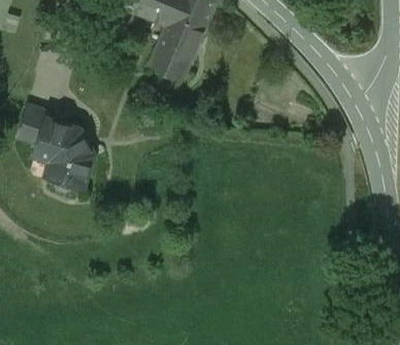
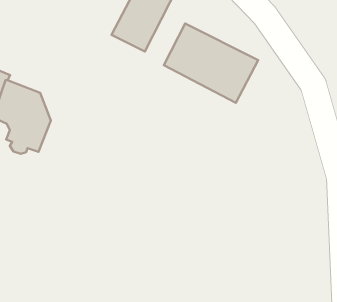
building: none -> [164,23,258,103]

